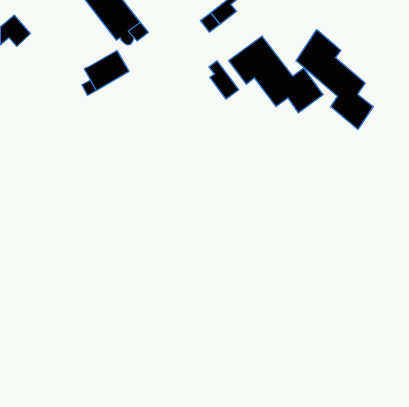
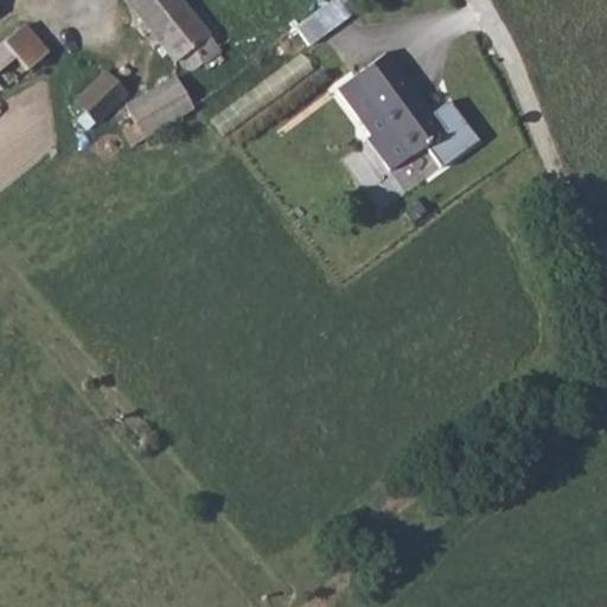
building: [296,30,373,129] -> none
building: none -> [76,69,127,120]
building: [209,61,239,99] -> [365,115,409,172]

